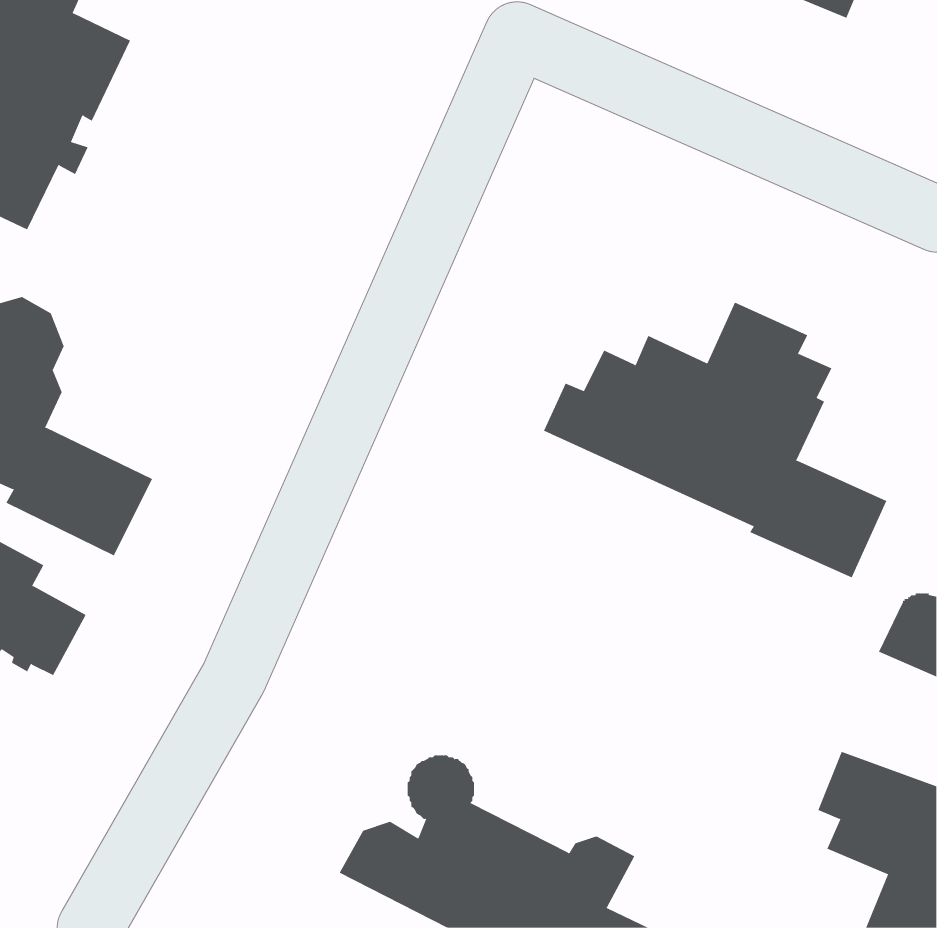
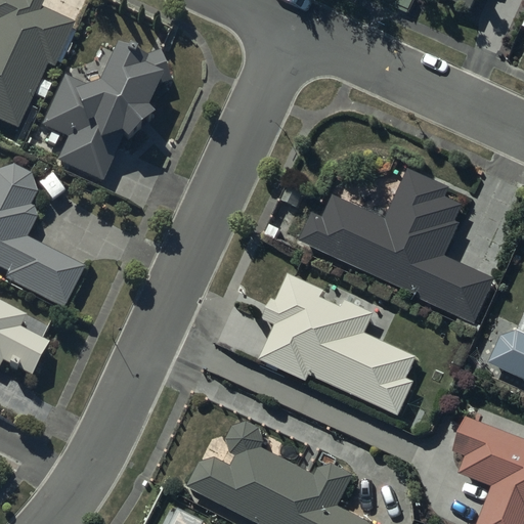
building: none -> [40,50,170,182]
building: none -> [260,273,416,416]

